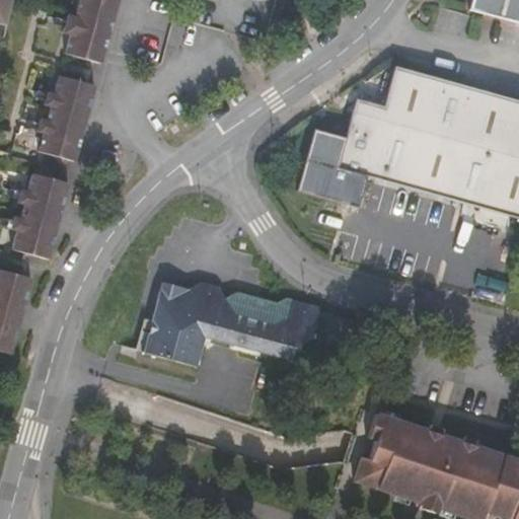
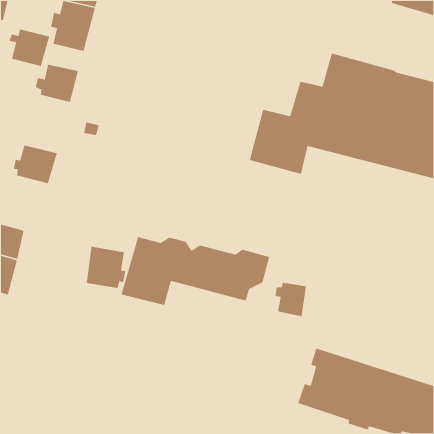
building: [34,114,84,159] -> [9,28,50,67]
building: [9,210,58,256] -> none
building: none -> [86,246,126,289]
building: none -> [274,282,307,317]

